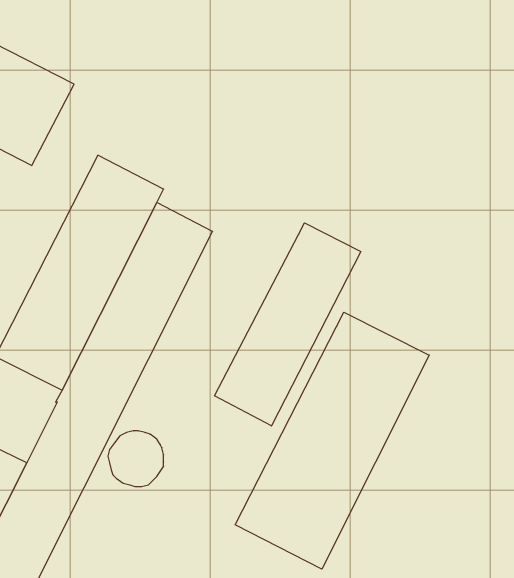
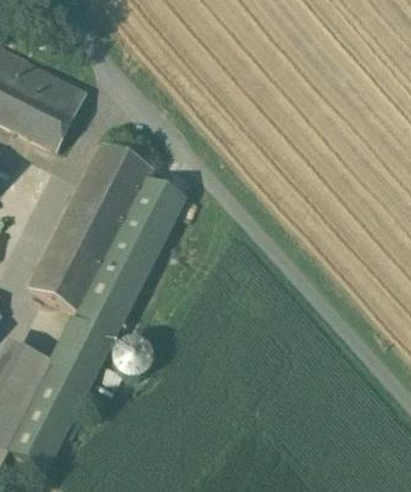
building: [215,223,361,426] -> none
building: [235,312,429,569] -> none

